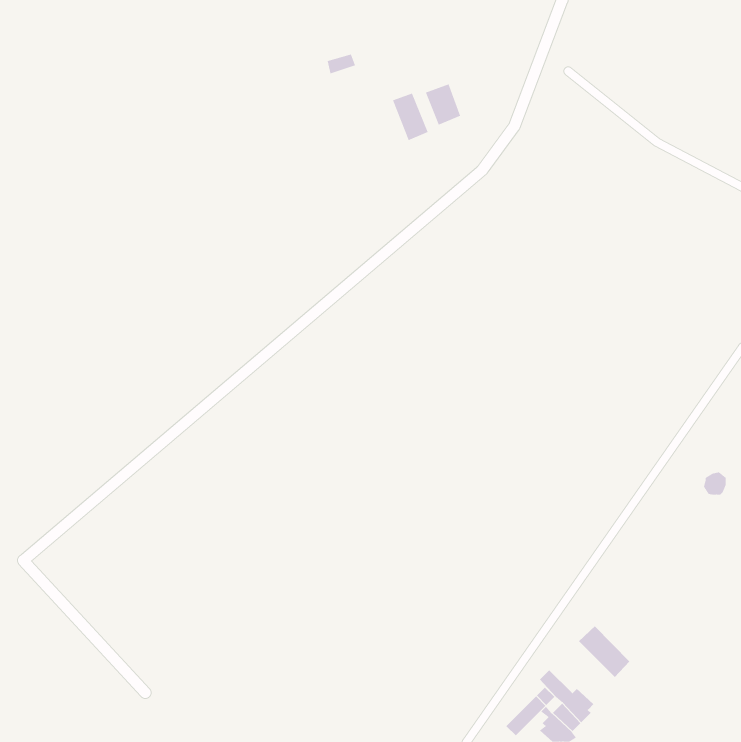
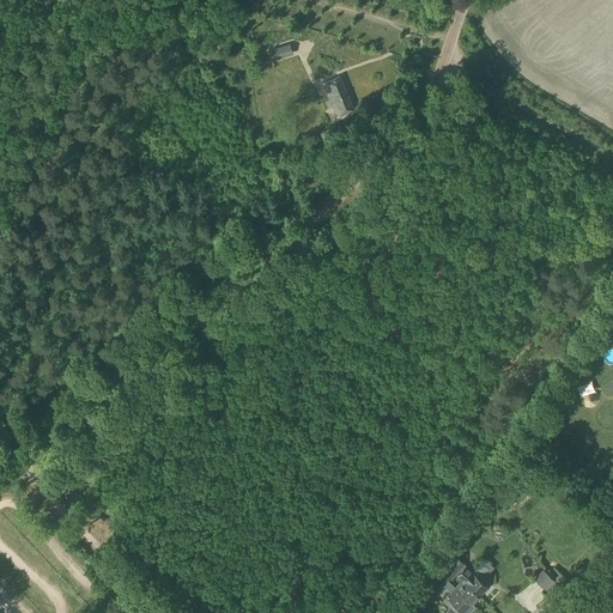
building: [425,83,461,126] -> none
building: [578,625,630,678] -> none

